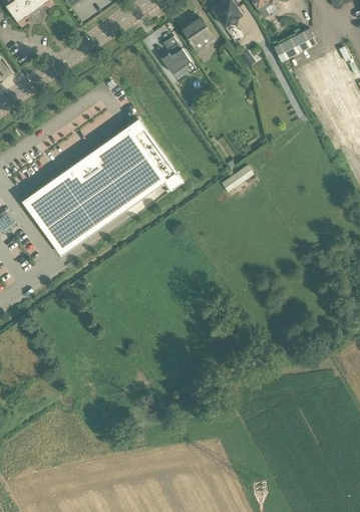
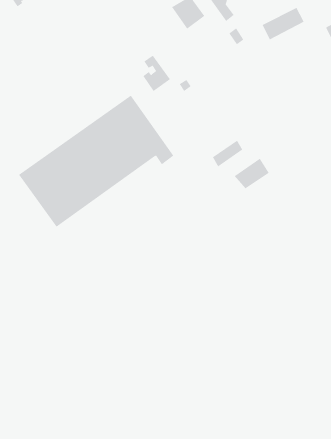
building: [161,35,191,73] -> [142,55,171,92]
building: none -> [234,158,269,189]

